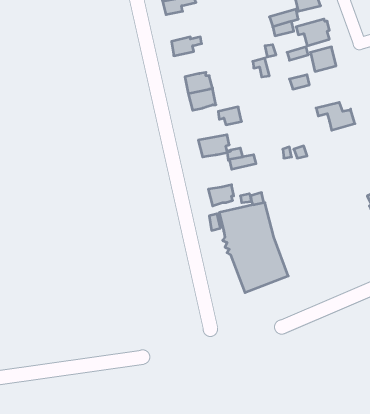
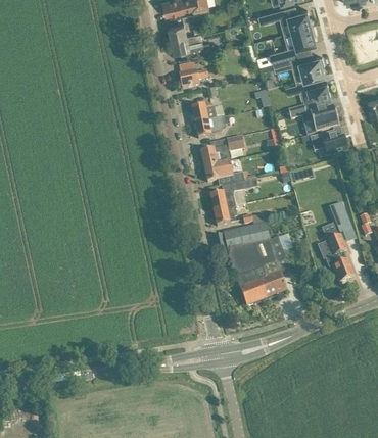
building: none -> [311,108,339,134]
building: none -> [201,147,231,167]
building: none -> [210,192,236,212]
building: none -> [318,204,356,284]

